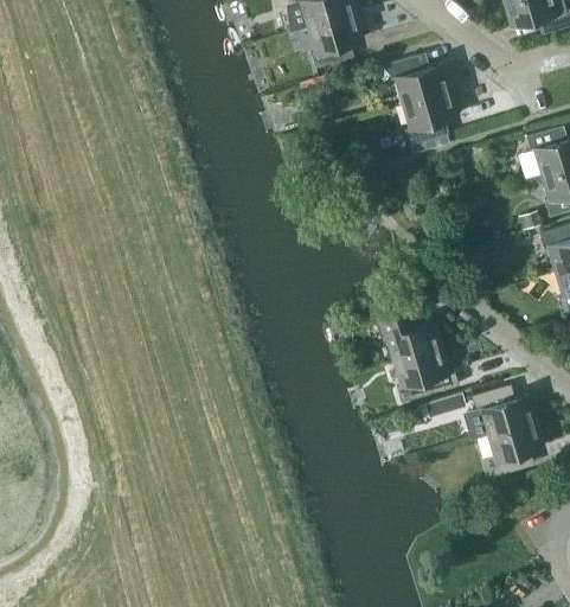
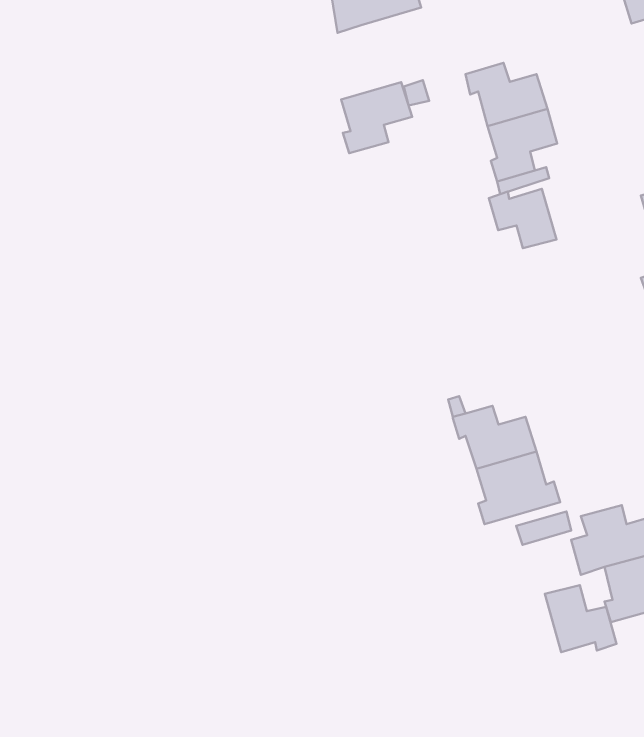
building: [308,13,361,66] -> [341,82,412,153]
building: none -> [489,189,556,248]
building: none -> [545,585,616,652]

